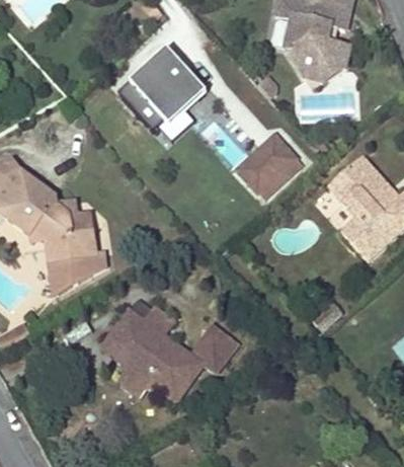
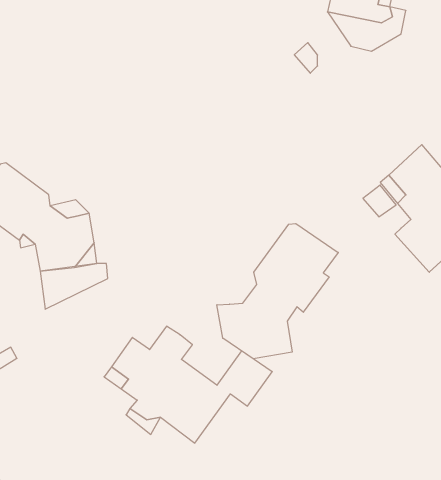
building: [122,51,206,134] -> none
building: [241,136,300,192] -> none
building: none -> [217,224,338,359]

